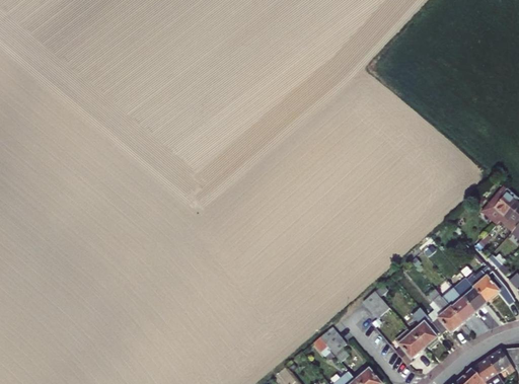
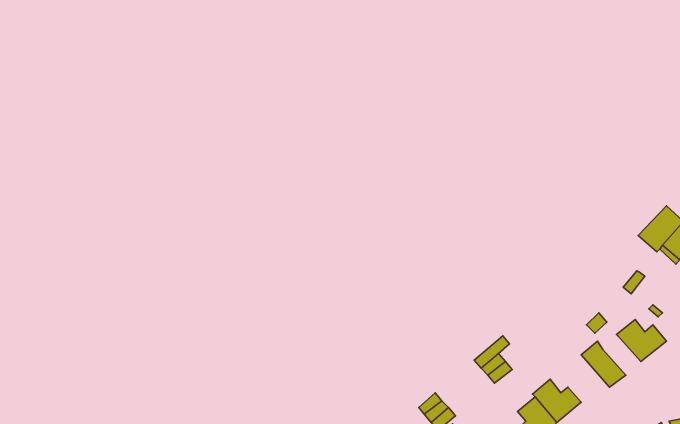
building: [457,284,486,313] -> none
building: [428,294,462,333] -> none

